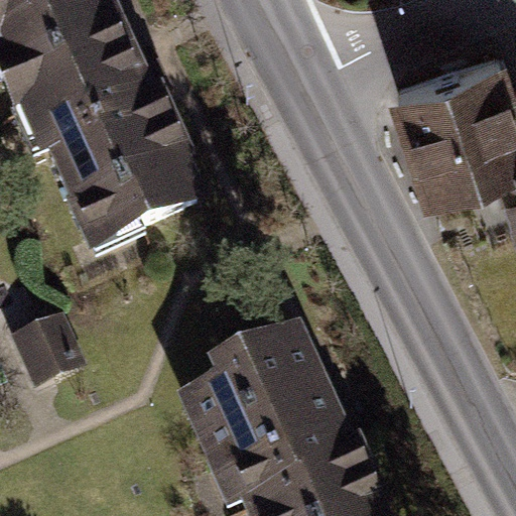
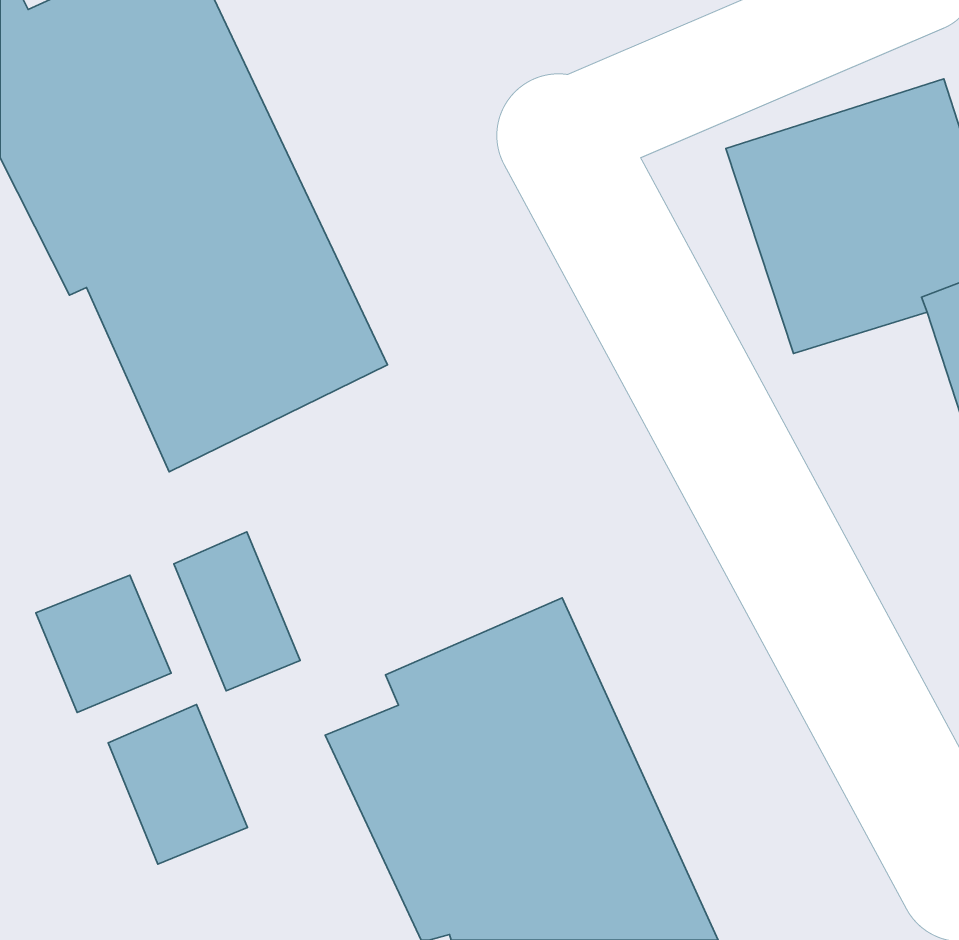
building: none -> [174,532,300,691]
building: none -> [108,705,248,864]

